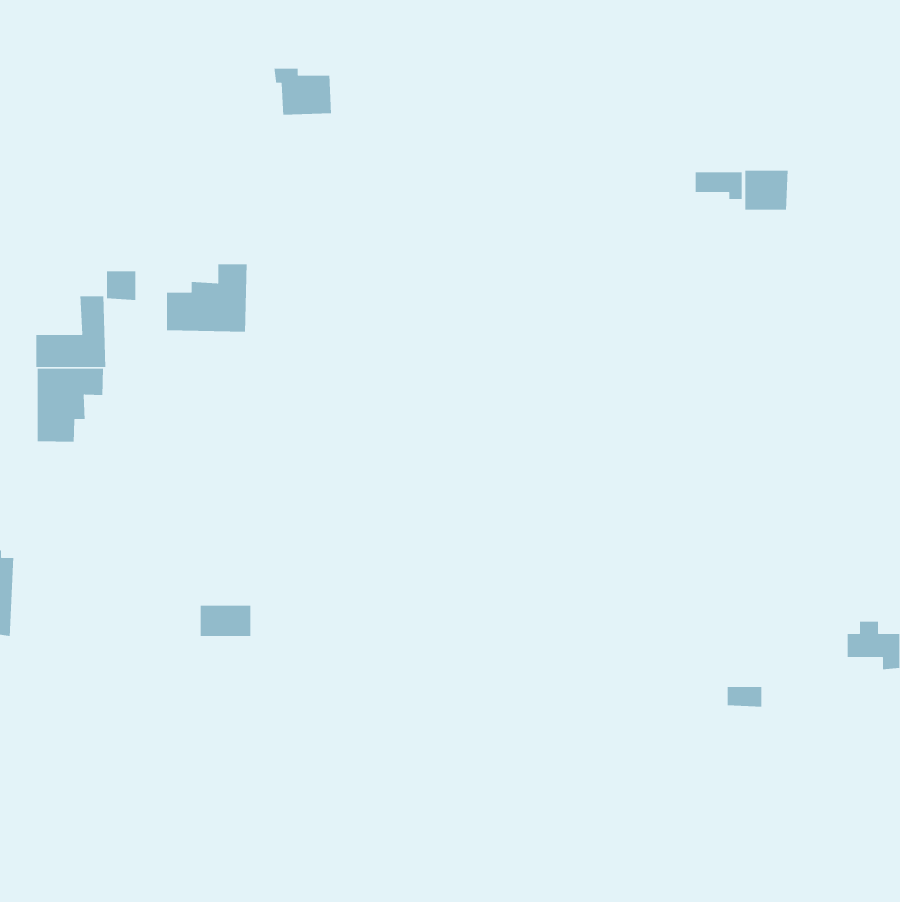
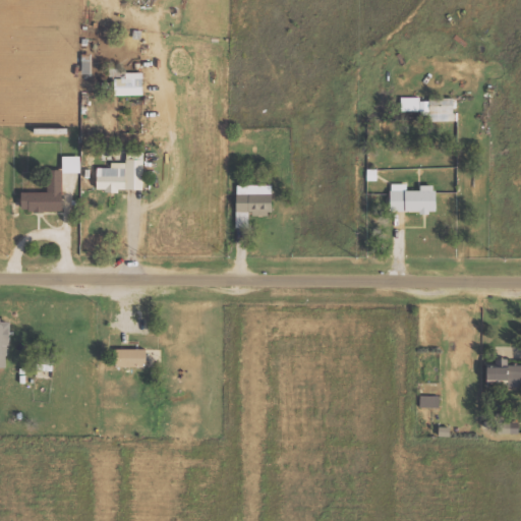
building: [274,68,332,115] -> [109,69,142,97]
building: none -> [389,184,435,213]
building: none -> [235,185,271,229]
building: [37,368,104,443] -> none

